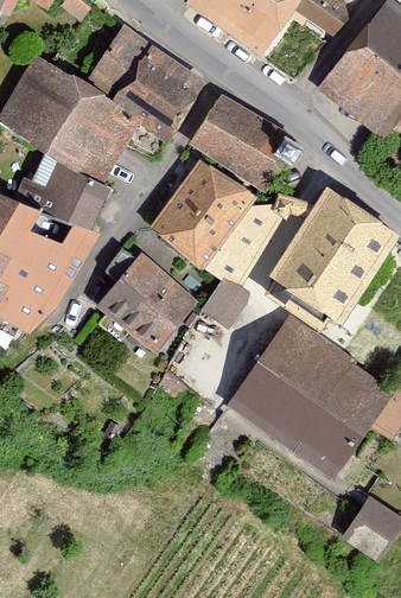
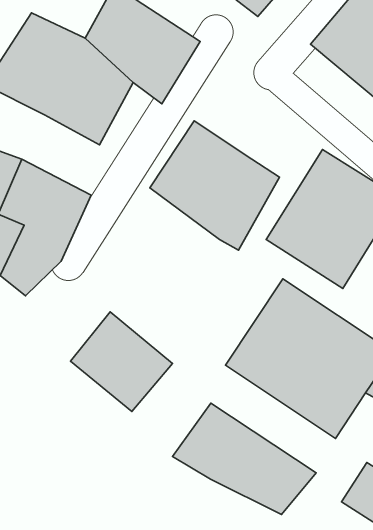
building: [187,90,313,193] -> none
building: [27,153,112,233] -> none
building: [98,255,199,354] -> [71,312,172,411]
building: [202,276,249,329] -> none
building: none -> [173,403,316,514]

